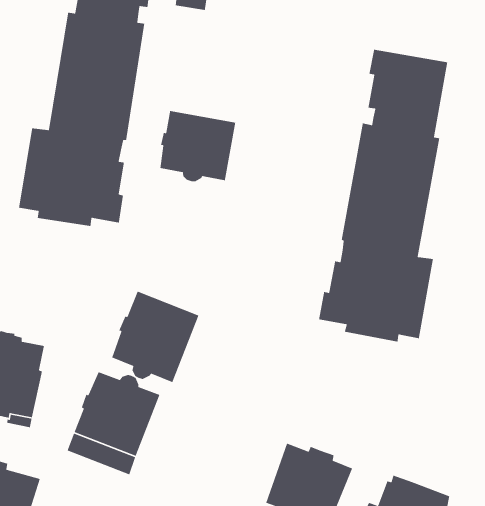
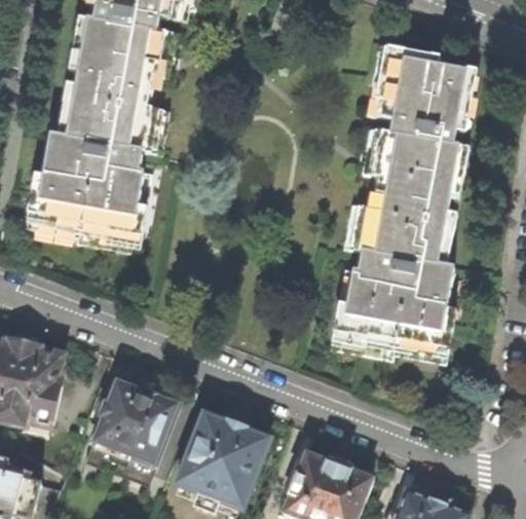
building: [159,110,236,182] -> none
building: [111,291,200,383] -> none
building: none -> [177,411,270,507]

